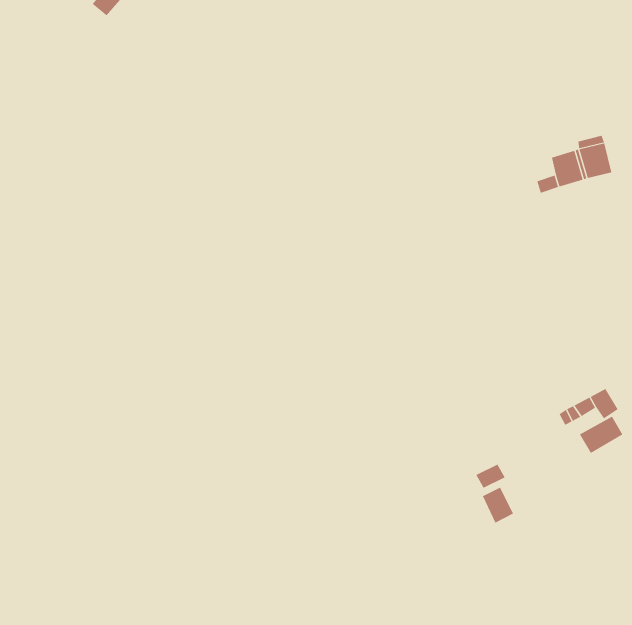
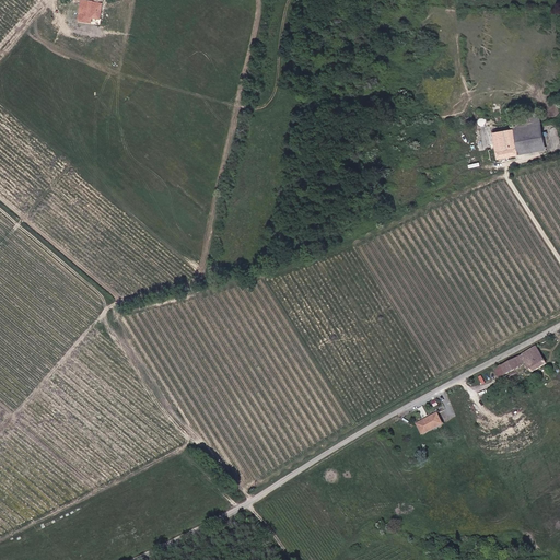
building: [579,416,623,454] -> none
building: [482,487,514,523] -> none

